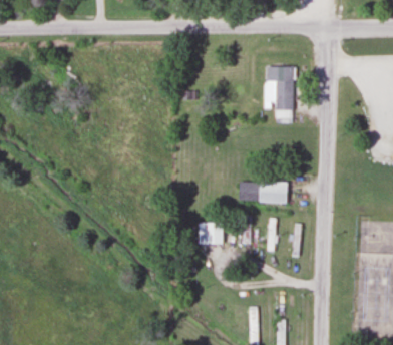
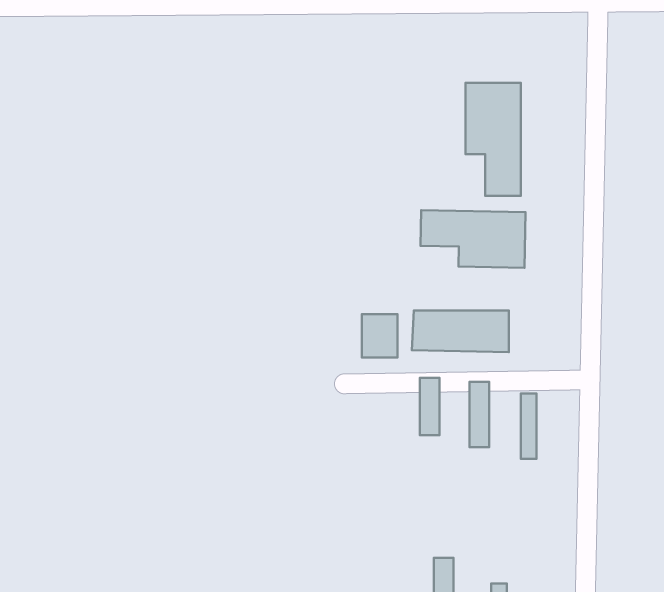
building: none -> [421,210,526,268]
building: [205,223,223,245] -> [362,314,398,358]

